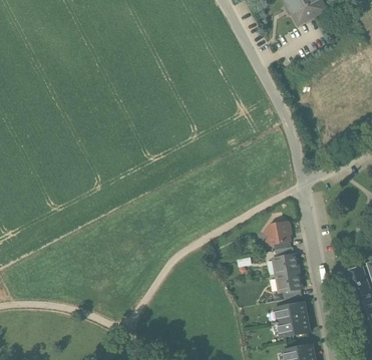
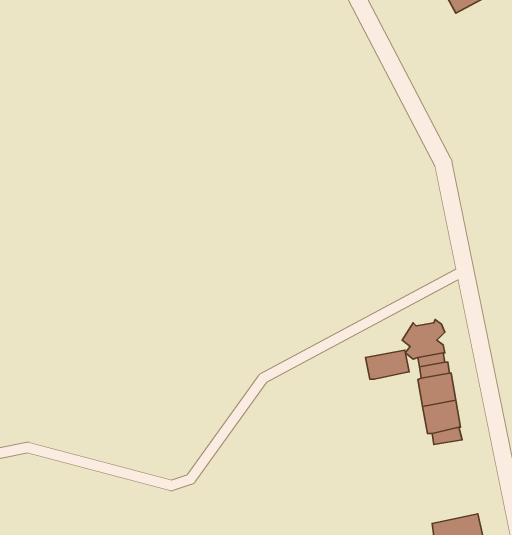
building: none -> [366,350,409,379]
building: [274,301,309,337] -> none

